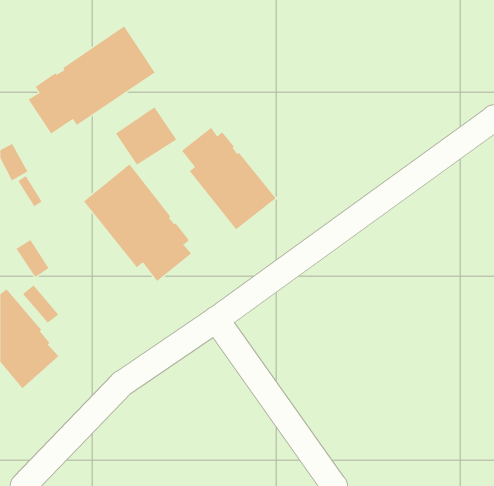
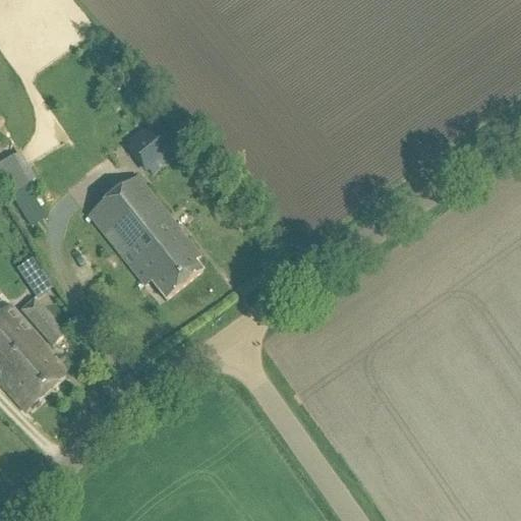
building: [28,25,155,135] -> none
building: [181,127,277,230] -> none

